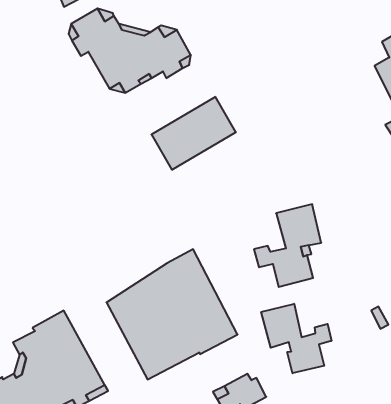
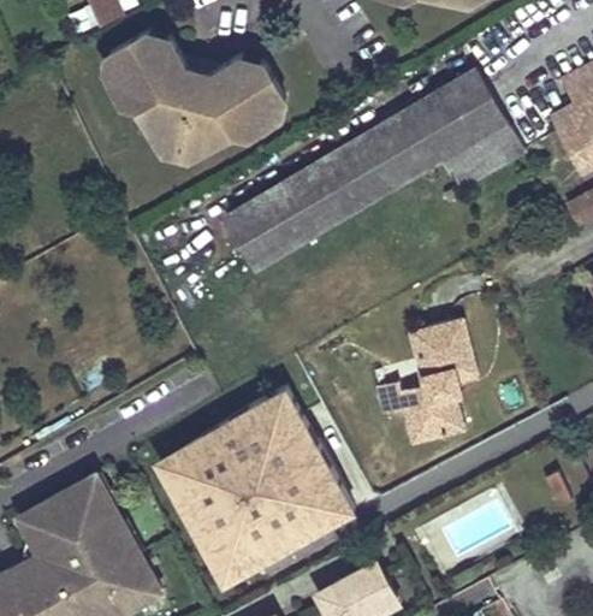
building: none -> [319,69,524,214]
building: [261,304,331,373] -> none

